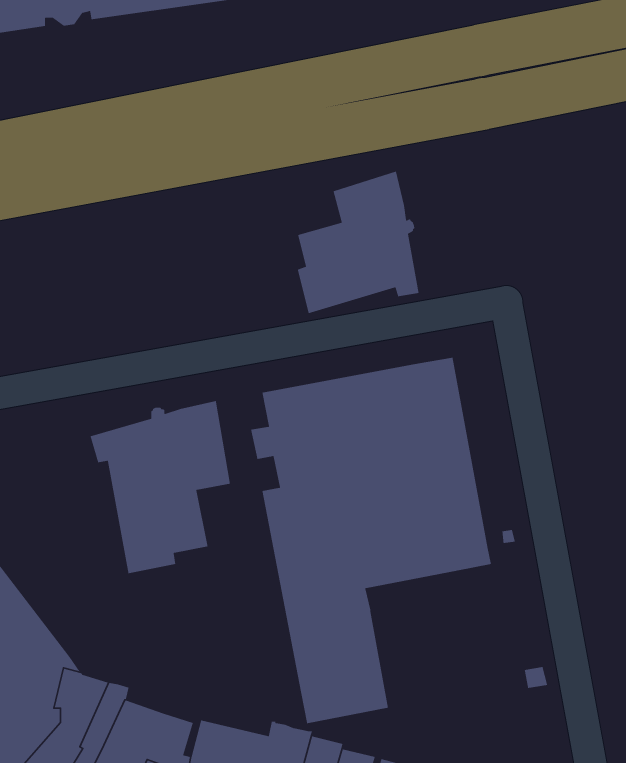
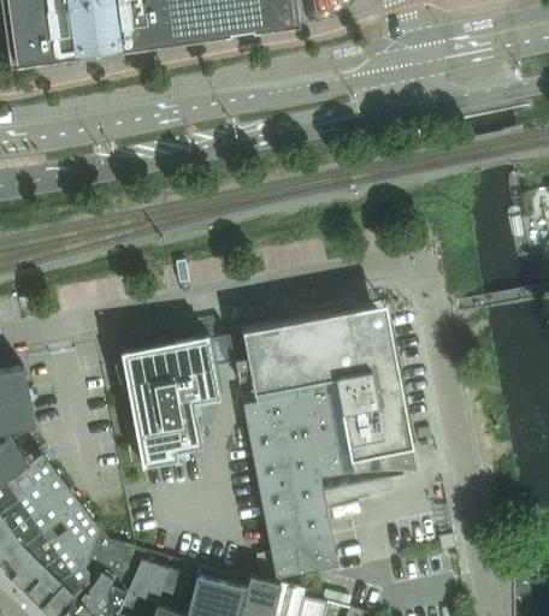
building: [297,171,420,314] -> none

